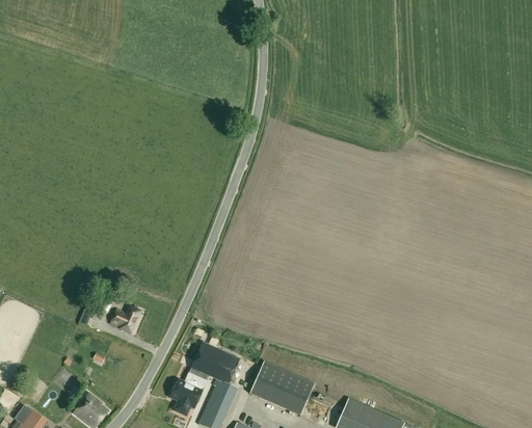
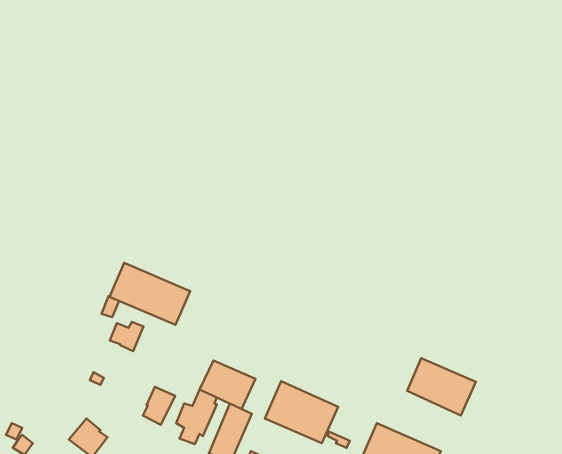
building: none -> [109,263,190,325]
building: none -> [407,358,476,415]
building: none -> [143,387,175,425]

